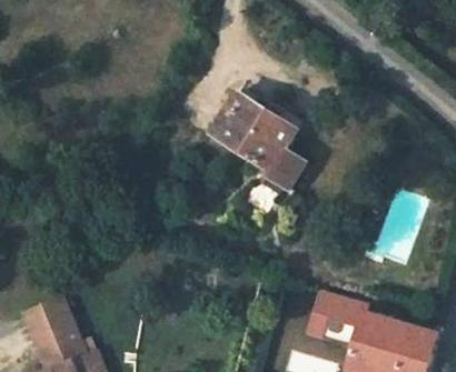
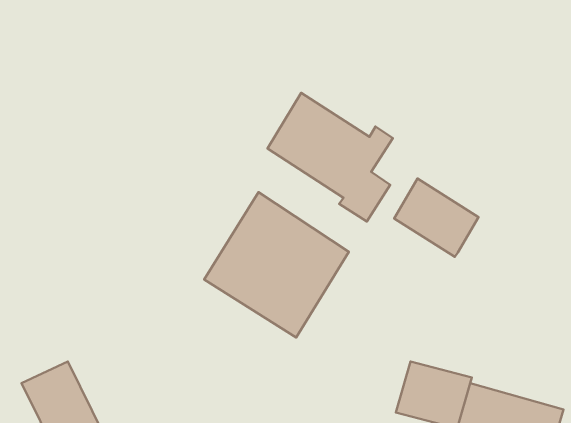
building: none -> [394,179,478,257]
building: none -> [204,192,349,337]

